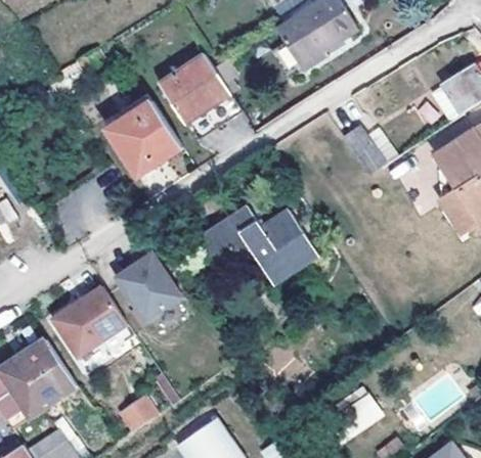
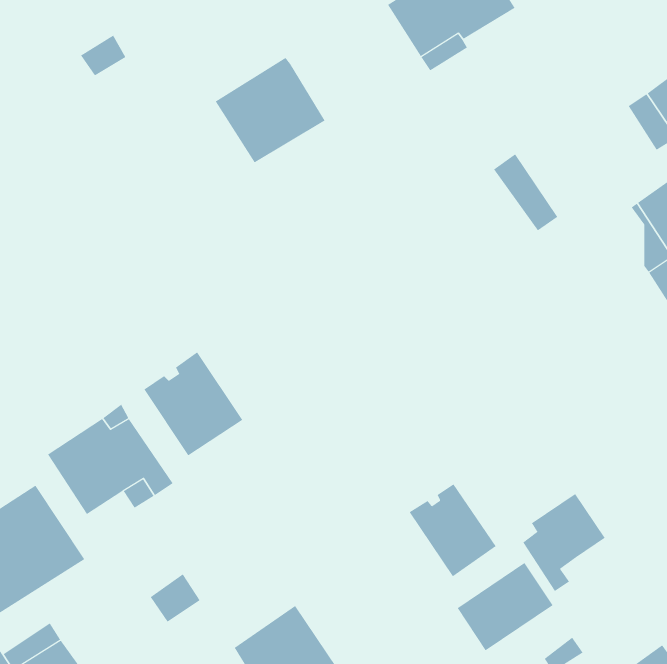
building: [107,101,182,176] -> none
building: [196,207,316,284] -> none
building: none -> [409,483,497,577]
building: none -> [523,493,605,592]

